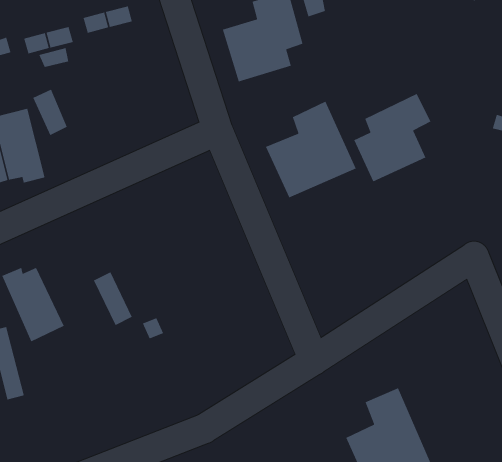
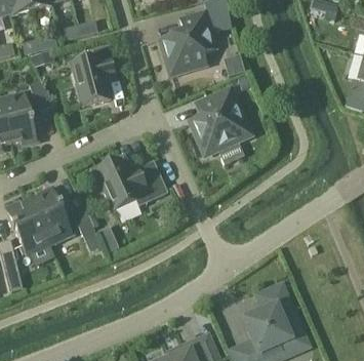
building: none -> [72,45,115,105]
building: [353,93,431,183] -> none
building: none -> [96,156,167,209]
building: none -> [31,187,73,242]

